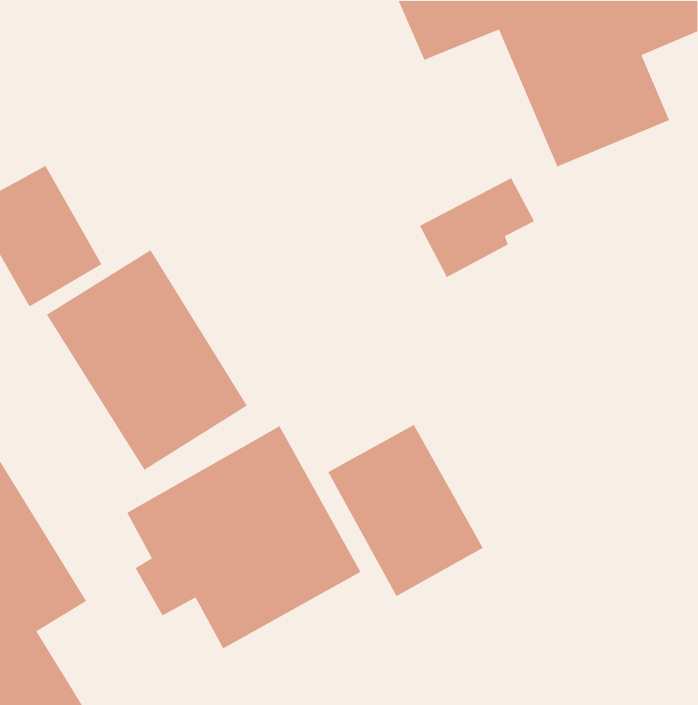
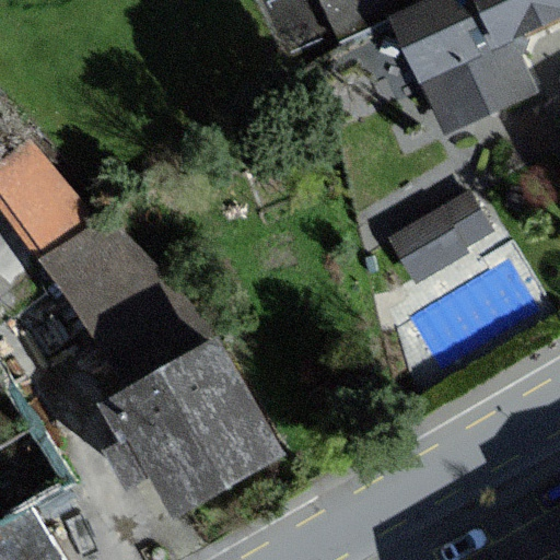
building: [419,177,535,278] -> [386,198,478,278]
building: [327,424,484,597] -> none

